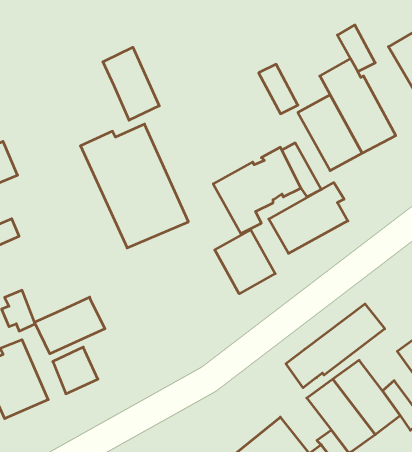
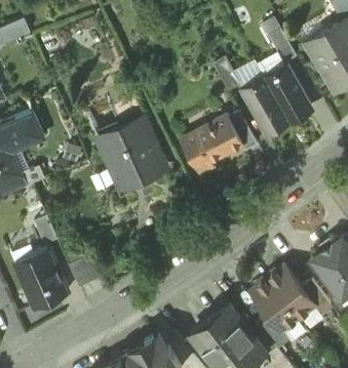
building: [103,47,159,120] -> none
building: [269,183,348,253] -> none
building: [215,230,275,294] -> none
building: [35,297,105,354] -> none
building: [286,304,385,388] -> none

